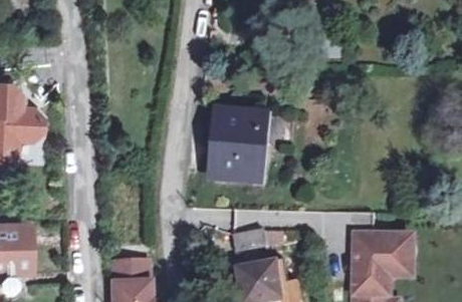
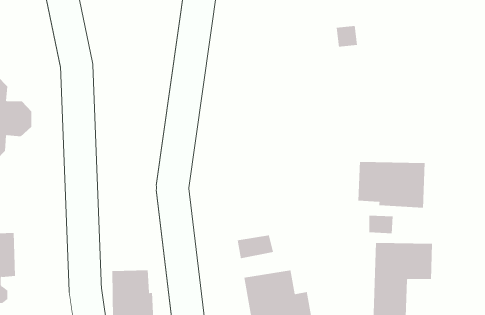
building: [217,110,265,177] -> none
building: none -> [358,161,425,208]

